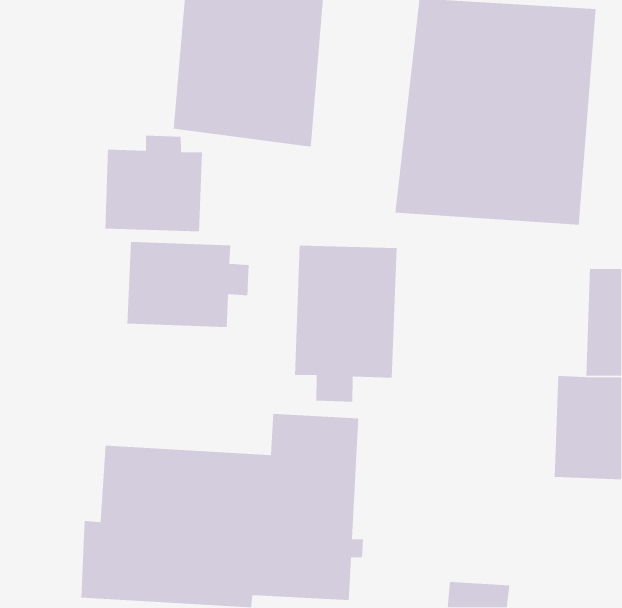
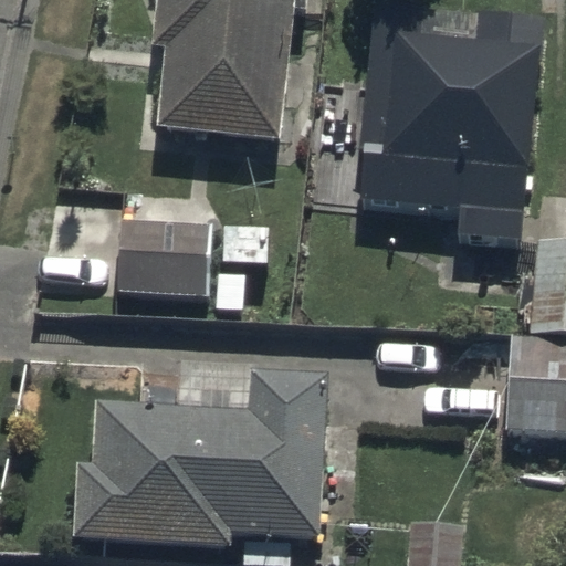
building: [104,135,203,232] -> none
building: [294,245,397,403] -> none

